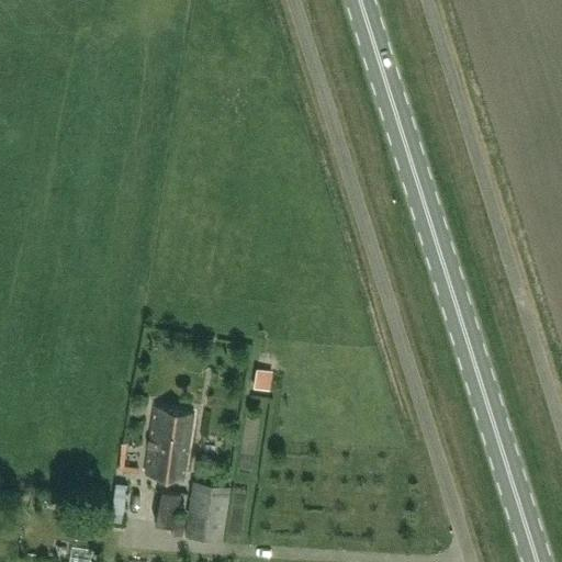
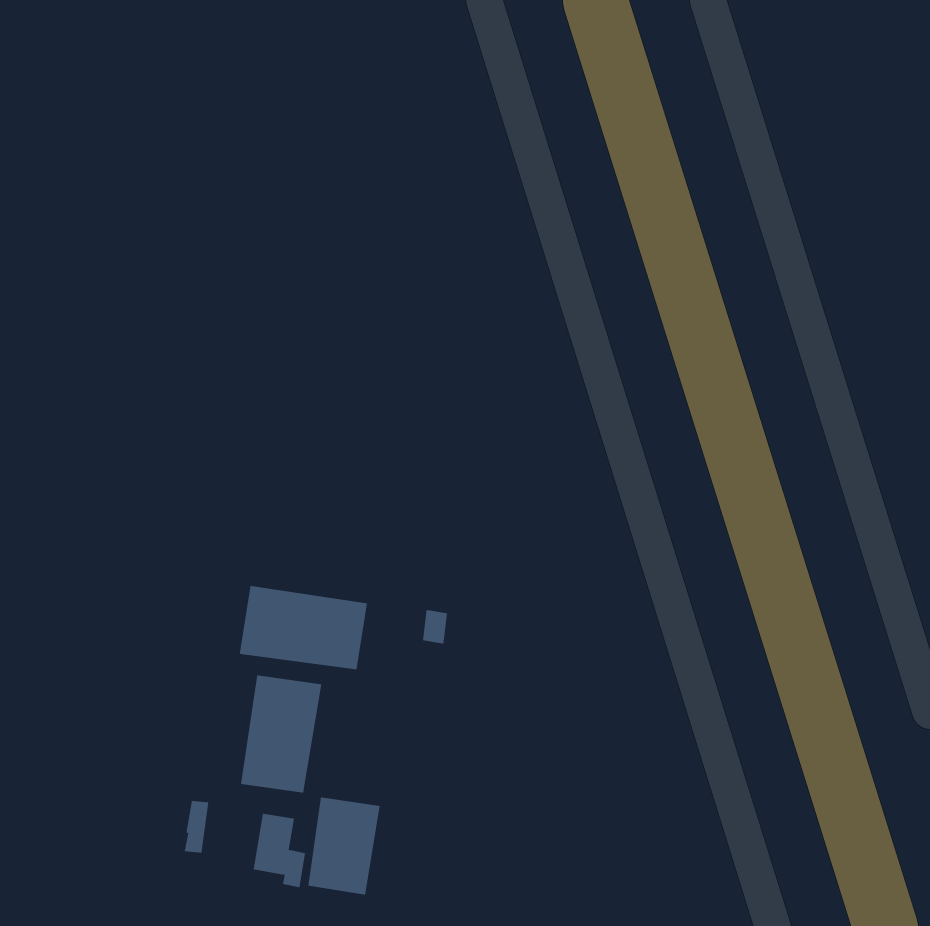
building: none -> [239,585,367,670]

